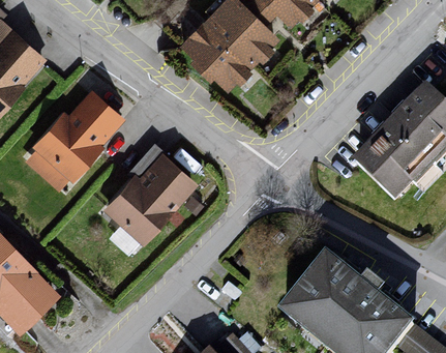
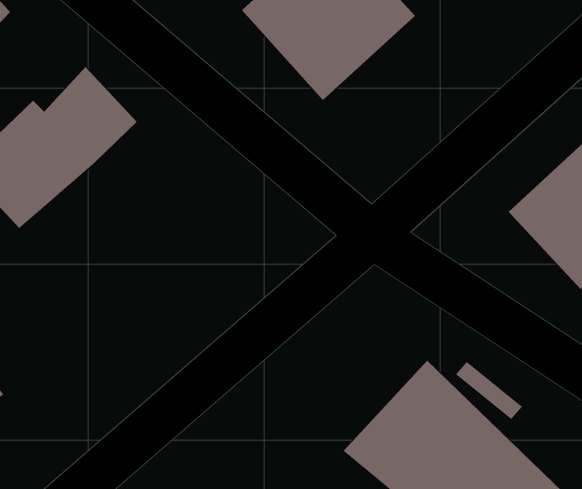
building: [108,152,203,245] -> none

